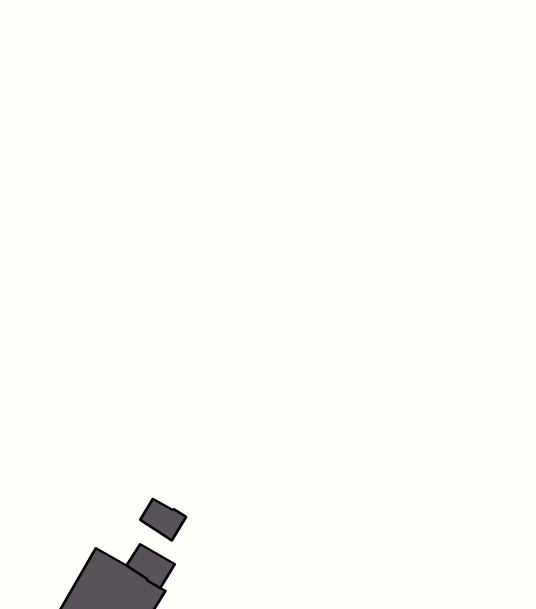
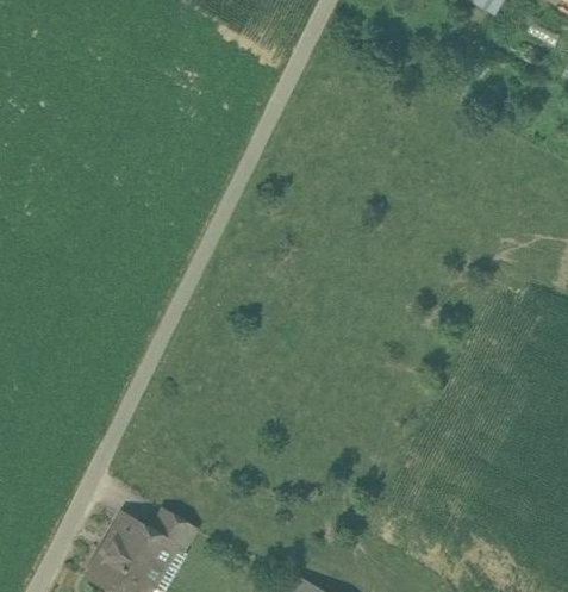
building: [140,499,186,540] -> none

